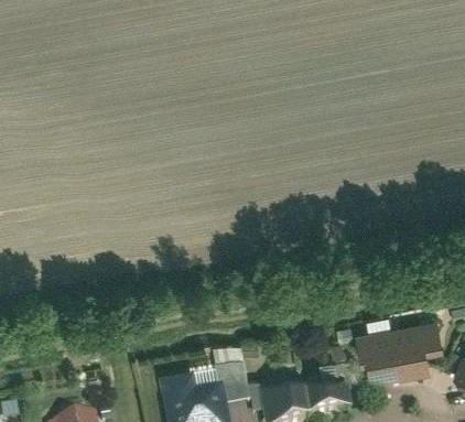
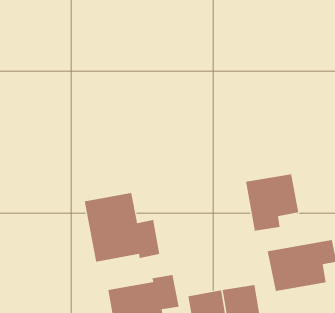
building: none -> [246,174,299,232]
building: none -> [84,192,160,263]

